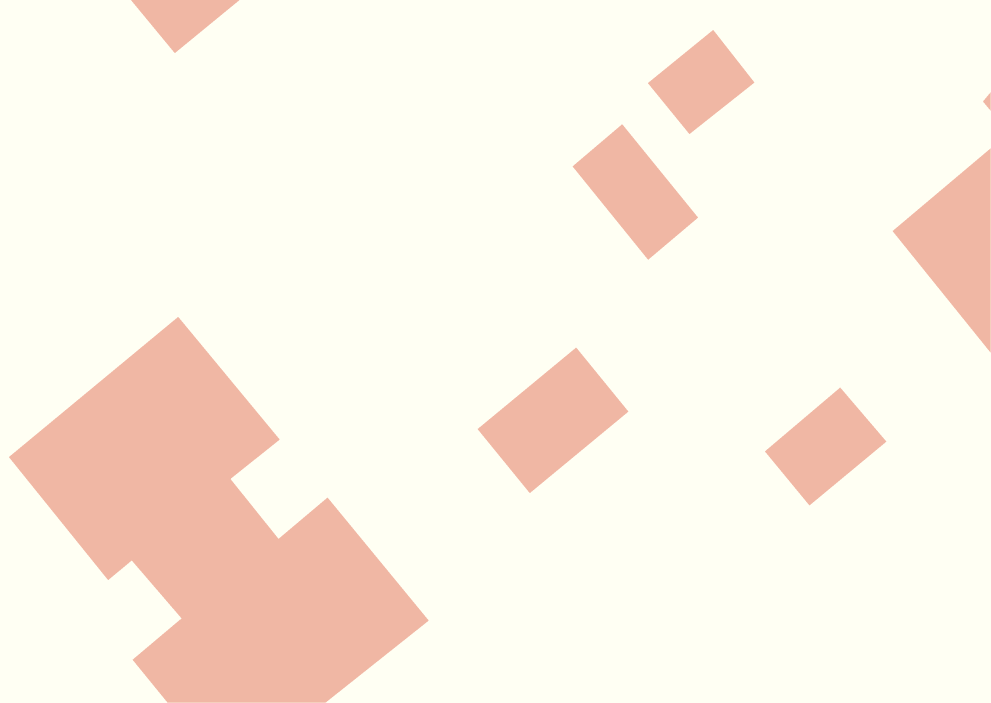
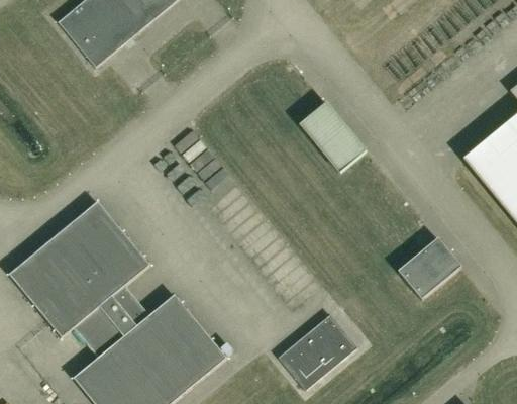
building: [647,29,756,135] -> none
building: [476,347,630,494] -> [278,314,356,390]

